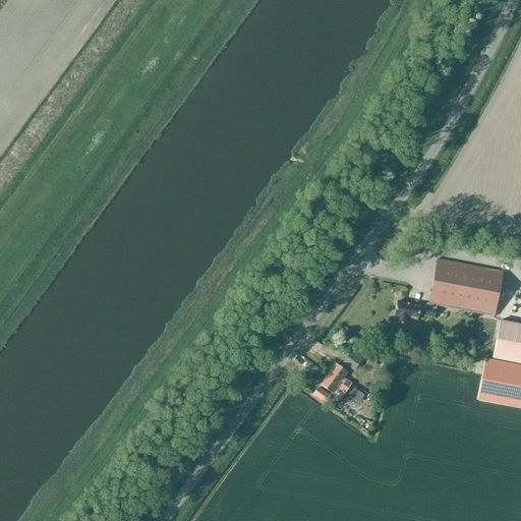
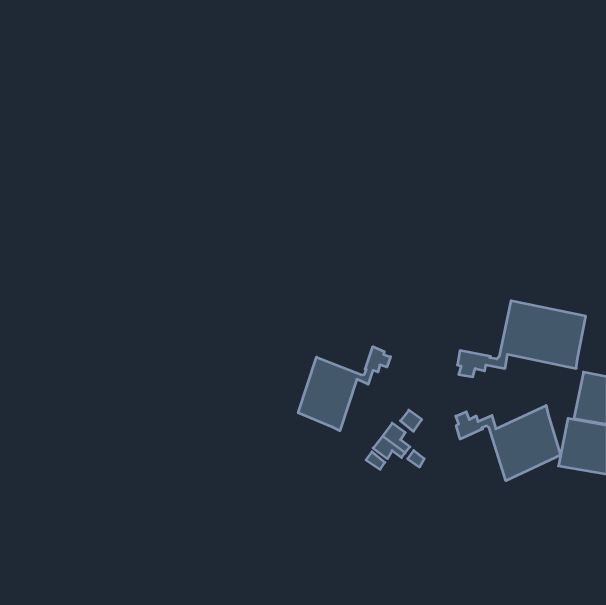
building: none -> [298,347,391,431]
building: none -> [456,405,561,481]

